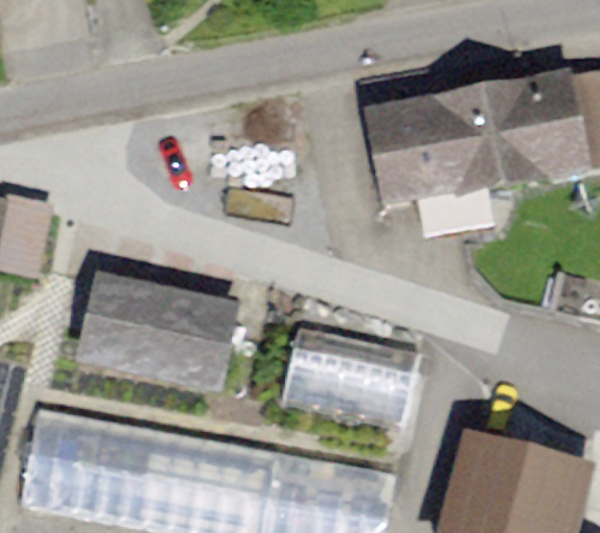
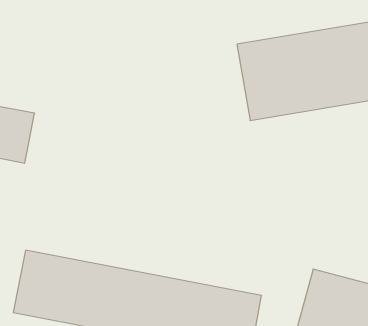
building: [81,274,237,391] -> none
building: [280,324,427,433] -> none

